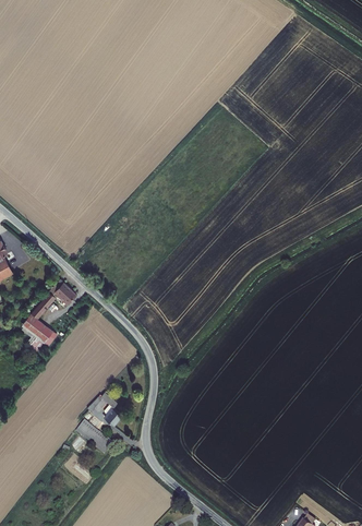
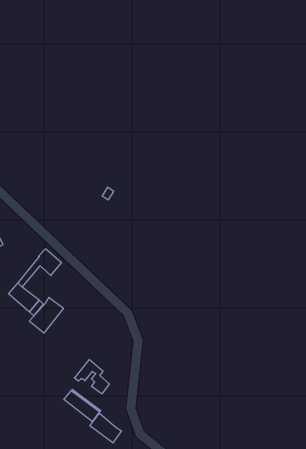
building: none -> [29,297,63,333]
building: none -> [90,413,121,443]

